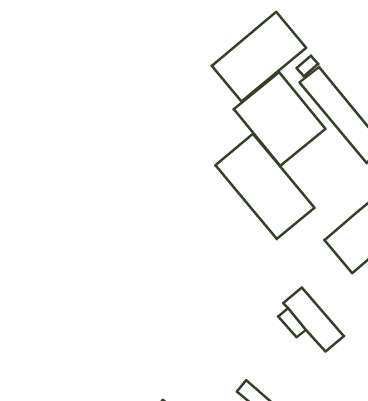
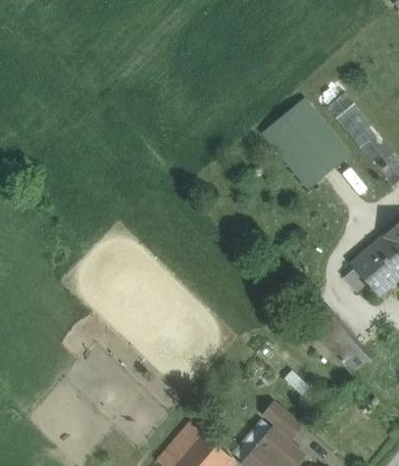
building: [212,12,306,102] -> none
building: [215,134,314,239] -> none

